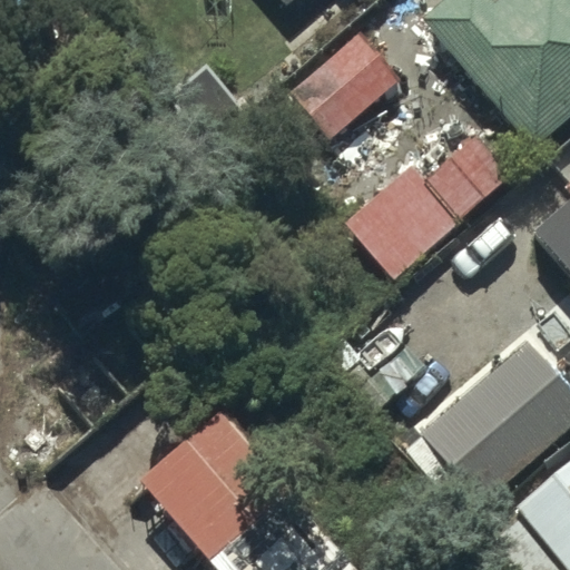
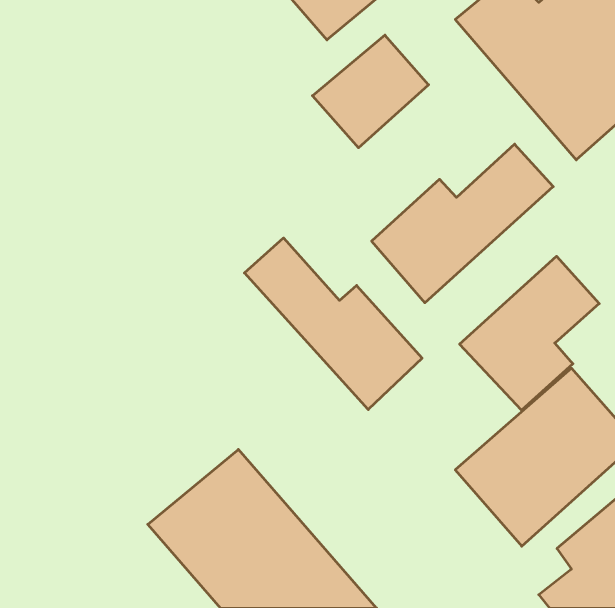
building: none -> [244,238,422,410]
building: none -> [460,256,599,410]

